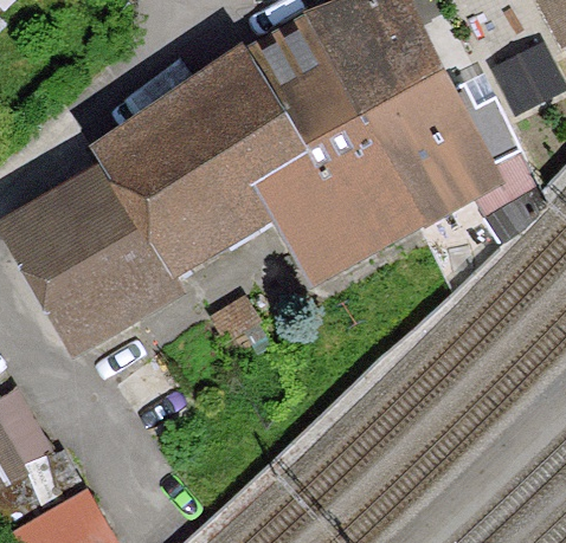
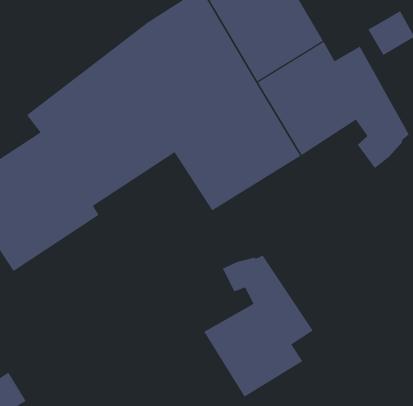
building: none -> [204,255,314,397]

